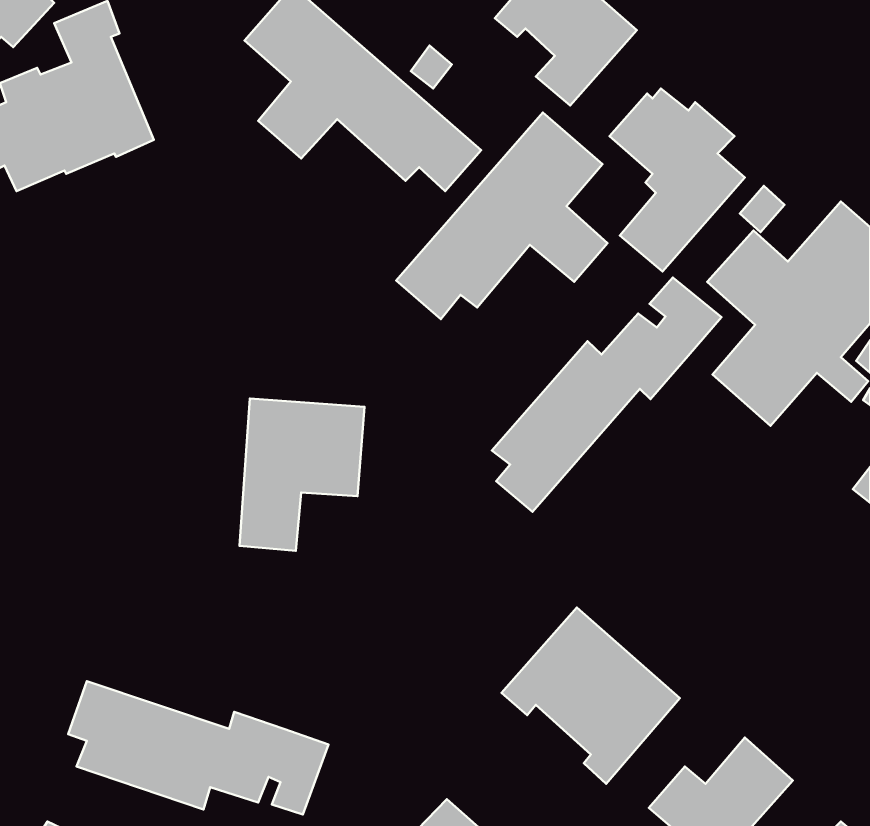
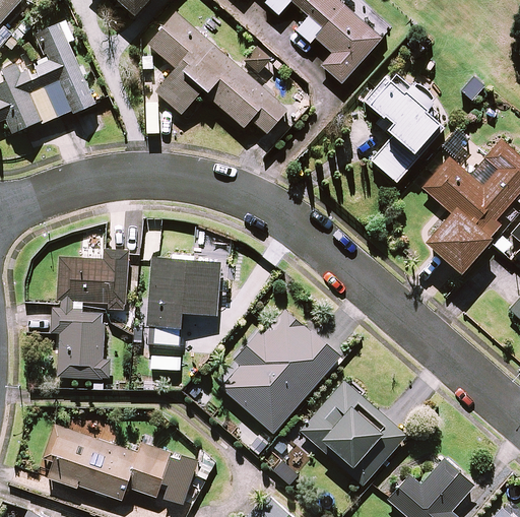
building: [396,112,607,319] -> none
building: [492,277,722,512] -> none
building: none -> [52,251,128,379]
building: none -> [221,309,341,434]

